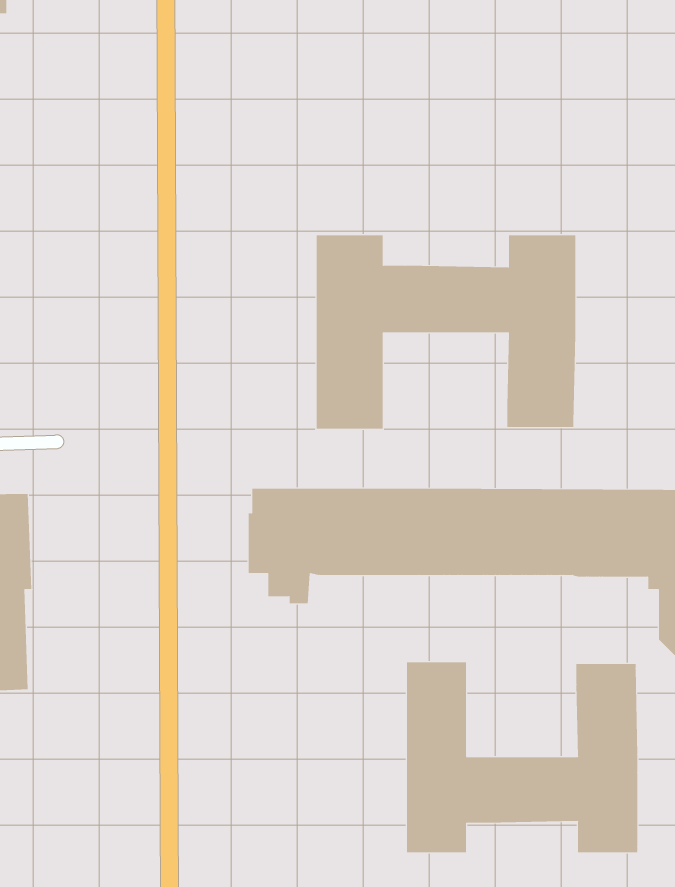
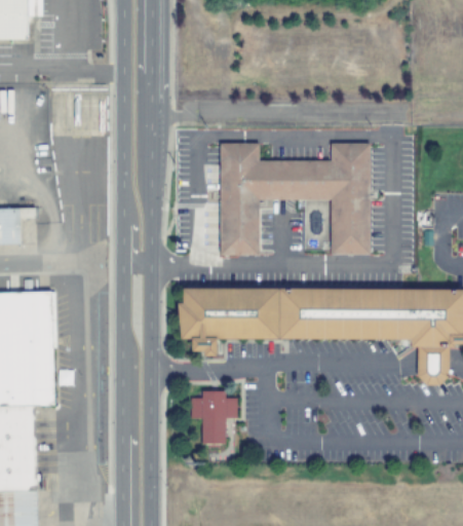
building: [406,661,638,853] -> none
building: none -> [189,390,235,446]

